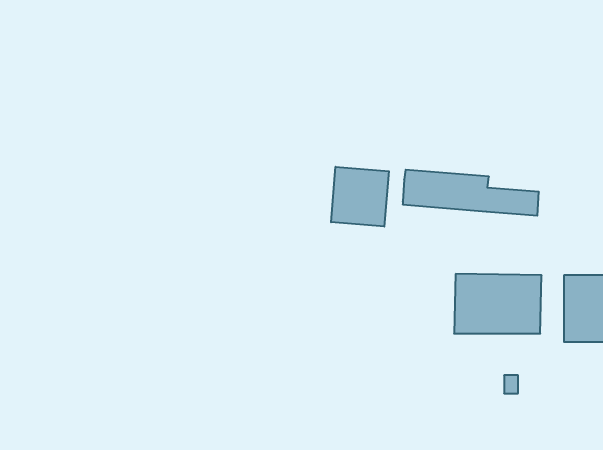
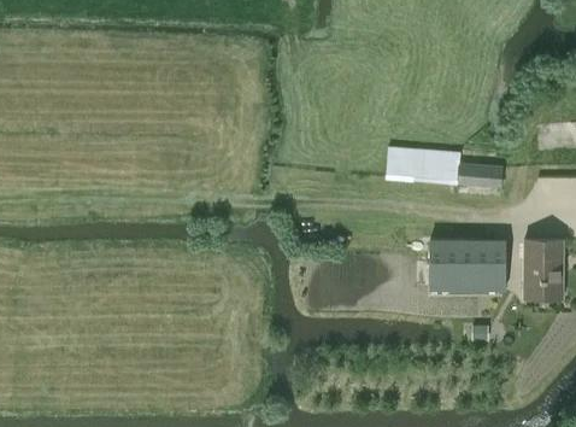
building: [331,167,389,227] -> none

